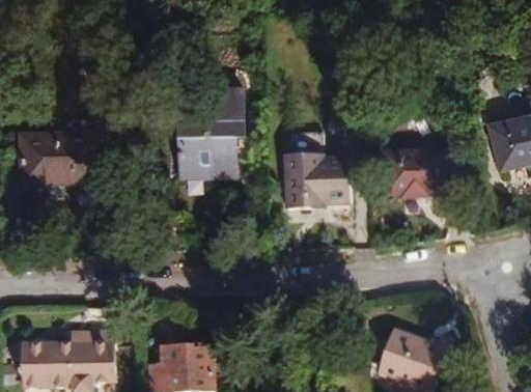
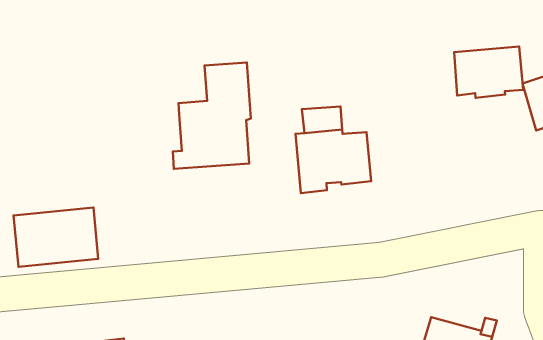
building: [22,135,95,184] -> [14,208,98,267]
building: [386,153,446,197] -> [454,46,523,98]

